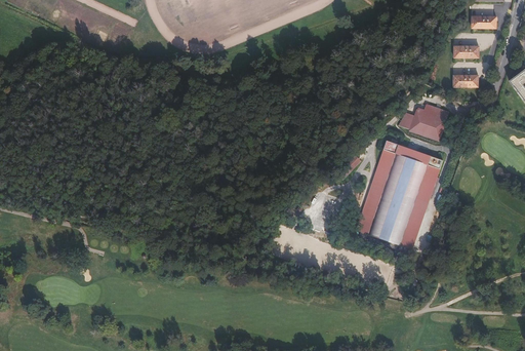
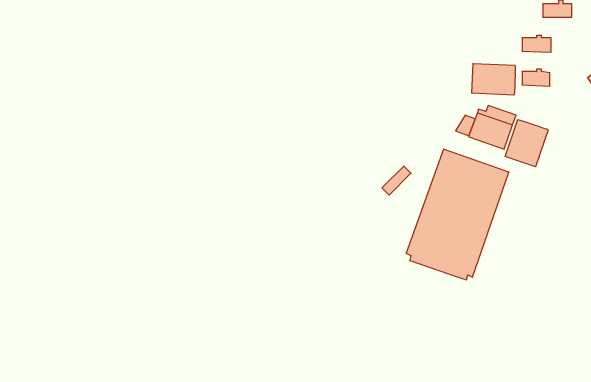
building: none -> [472,63,515,95]
building: none -> [505,120,548,167]

